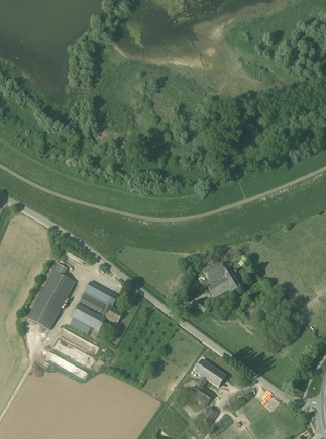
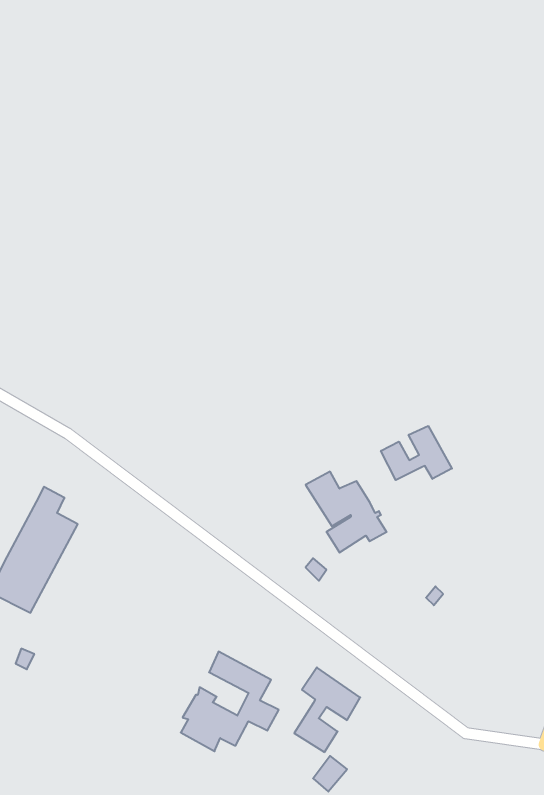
building: none -> [381,426,452,480]
building: [69,282,121,335] -> [181,652,279,751]

